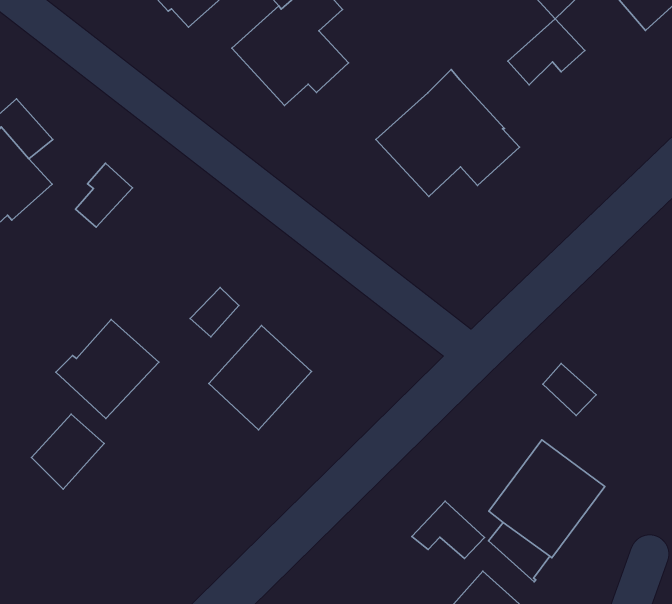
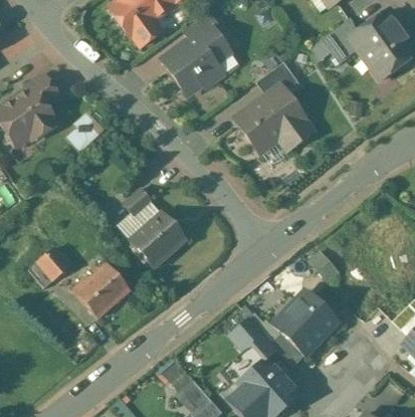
building: [508,19,585,85] -> [255,62,297,96]
building: [56,319,159,418] -> [72,264,129,318]

